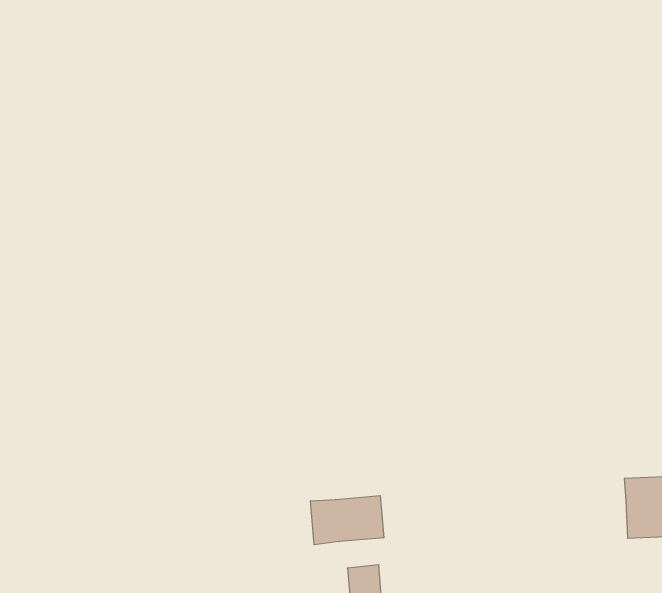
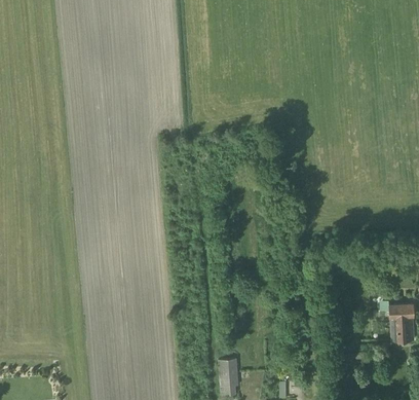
building: [311,496,384,545] -> none

